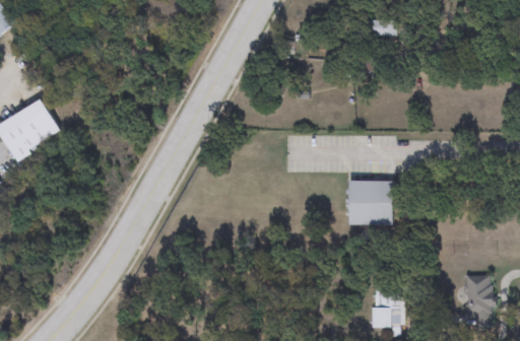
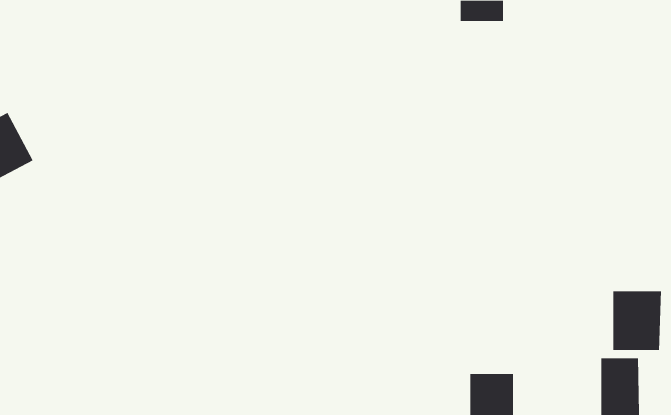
building: [348,181,391,226] -> none
building: none -> [613,290,661,351]

